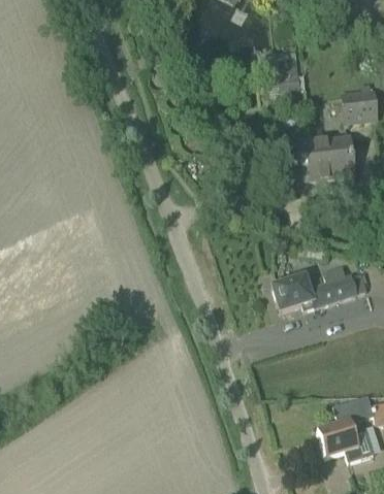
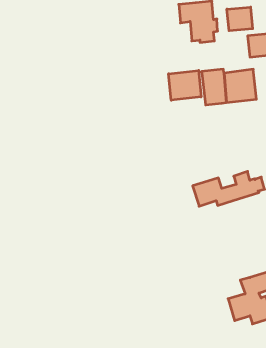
building: none -> [227,7,253,31]
building: none -> [169,70,201,100]

